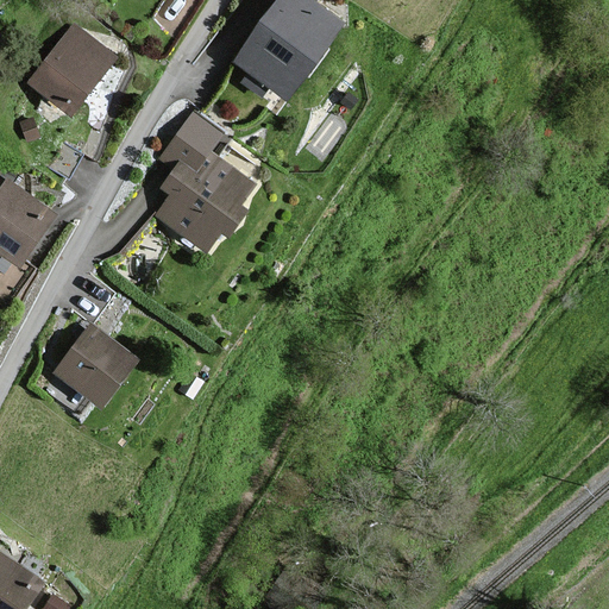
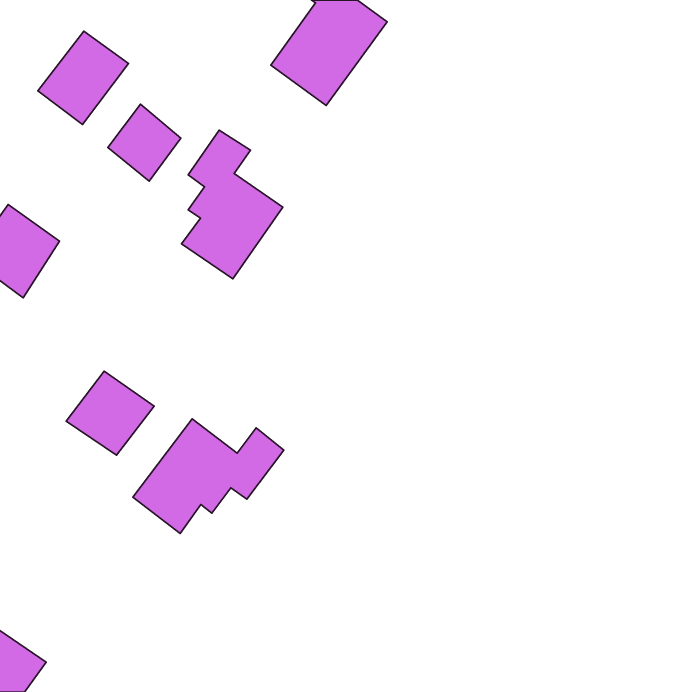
building: none -> [108,104,181,181]
building: none -> [133,419,284,534]

